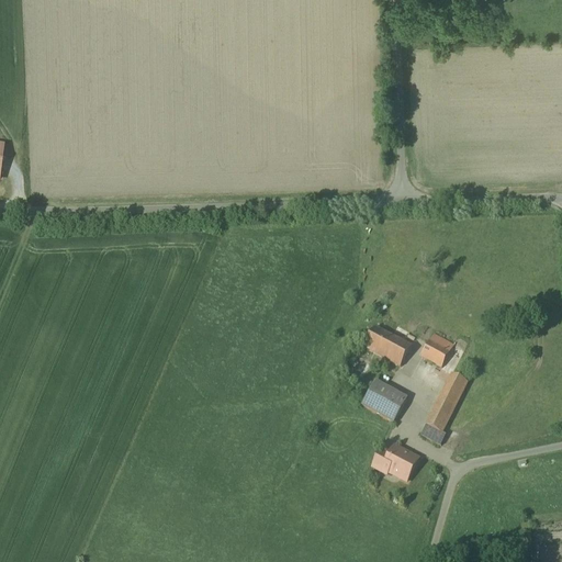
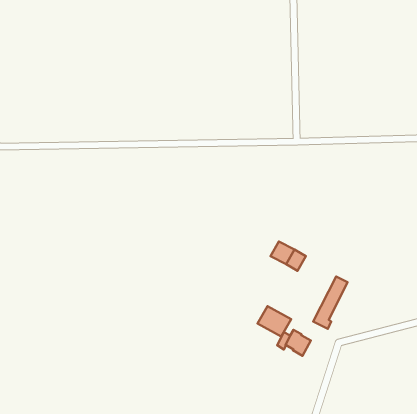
building: [420,330,452,363] -> none
building: [361,379,406,419] -> [258,306,291,336]

